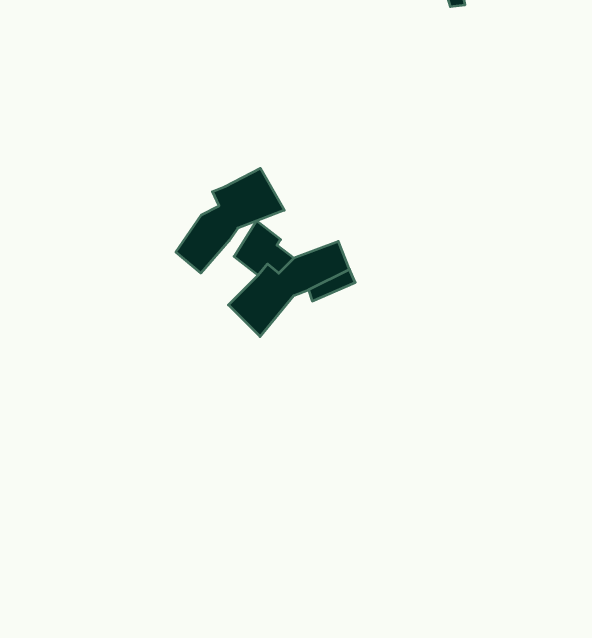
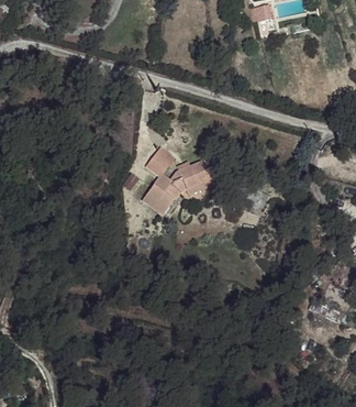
building: [176,168,284,273] -> none

